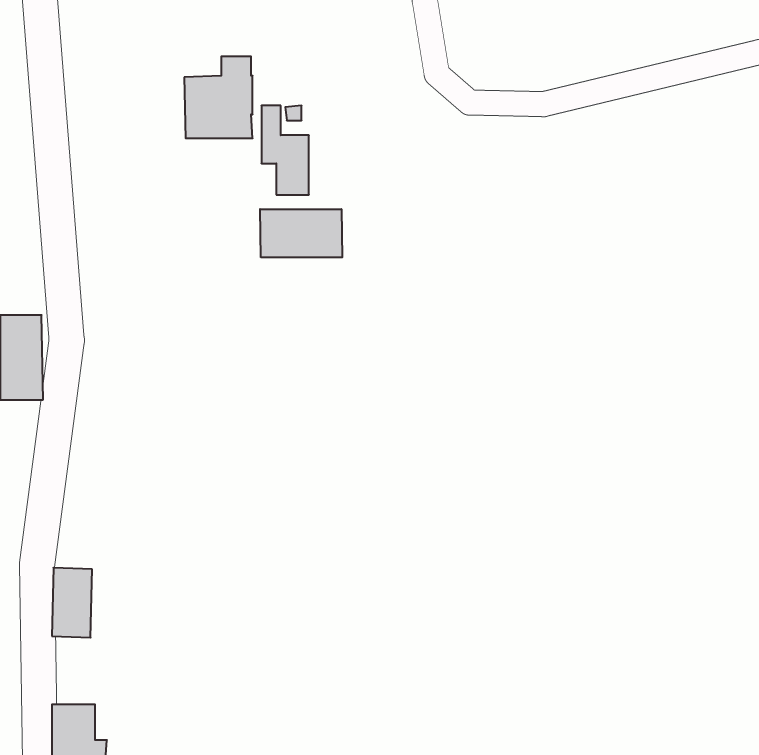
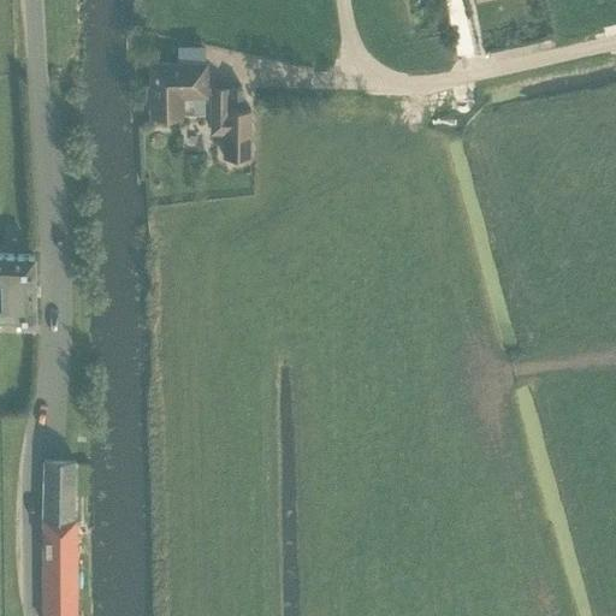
building: [260,209,342,257] -> none
building: none -> [42,520,87,574]

